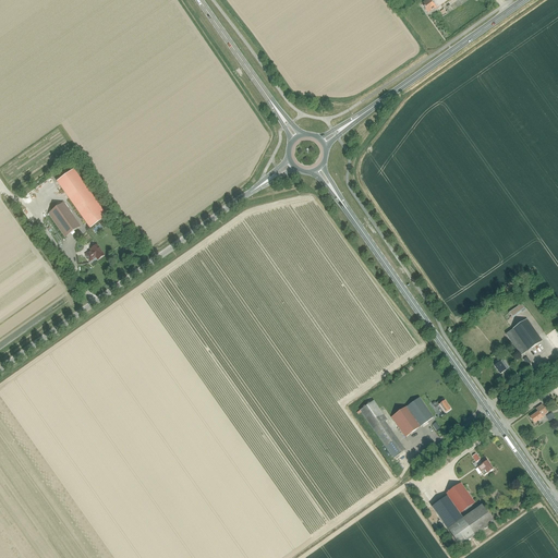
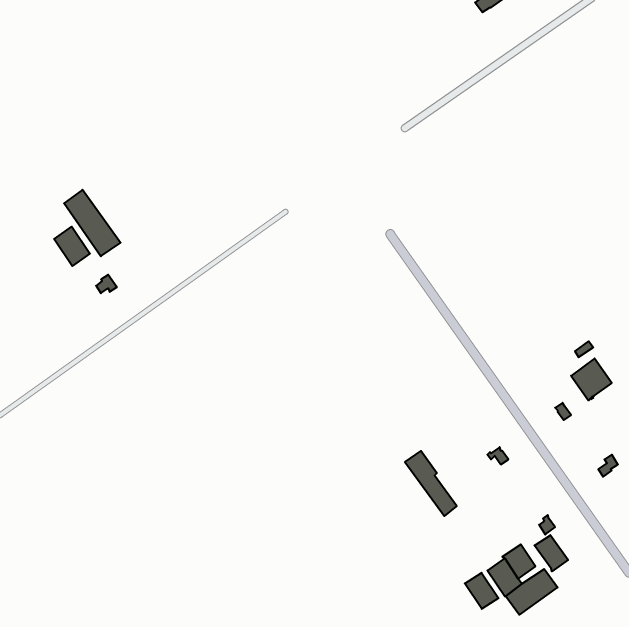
building: [391,396,433,435] -> none
building: none -> [534,535,568,571]
building: none -> [465,573,498,609]

